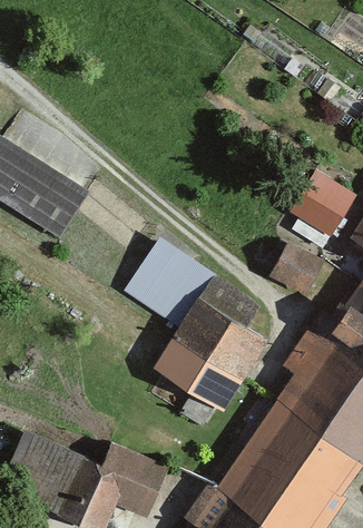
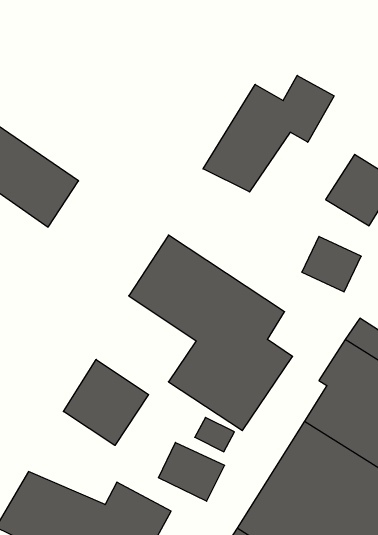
building: none -> [203,75,334,192]
building: none -> [63,359,149,445]
building: none -> [158,442,225,501]

